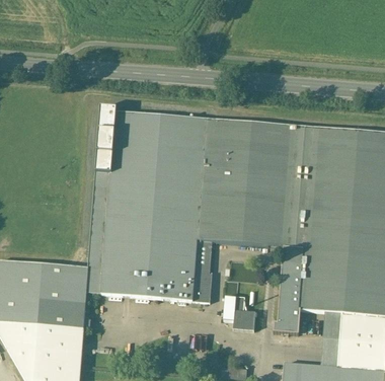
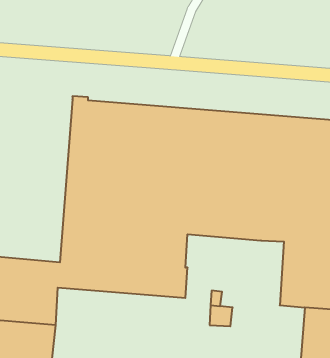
building: [274,246,305,333] -> none

